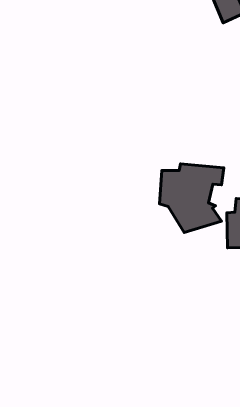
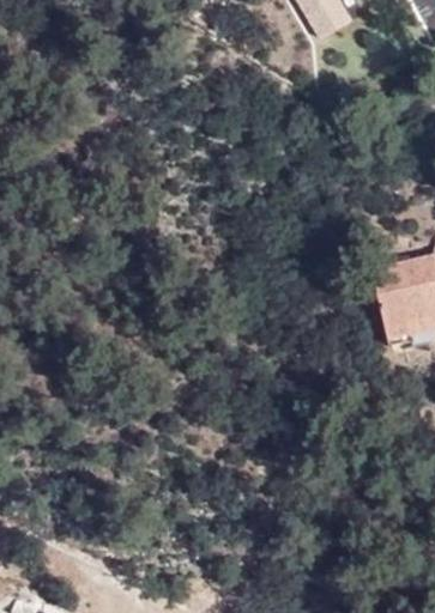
building: [159,164,224,233] -> none

